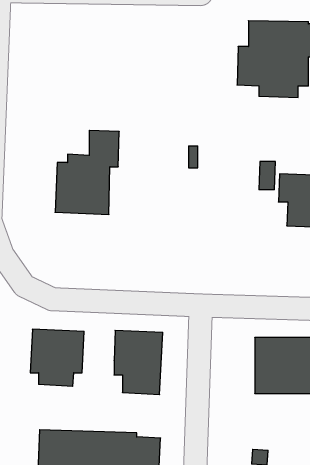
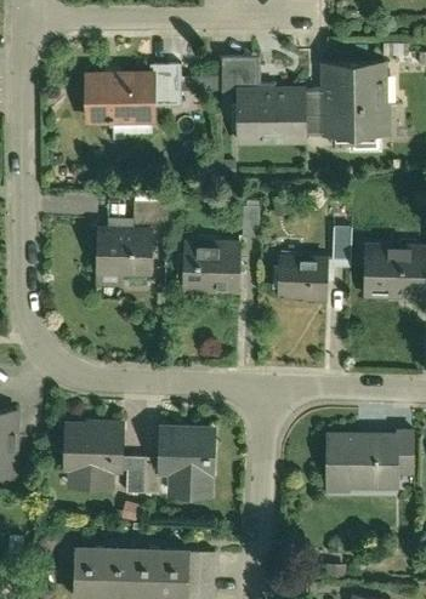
building: none -> [222,56,307,148]
building: none -> [83,63,180,141]
building: none -> [175,235,239,296]
building: none -> [271,252,328,302]
building: none -> [127,456,161,492]

